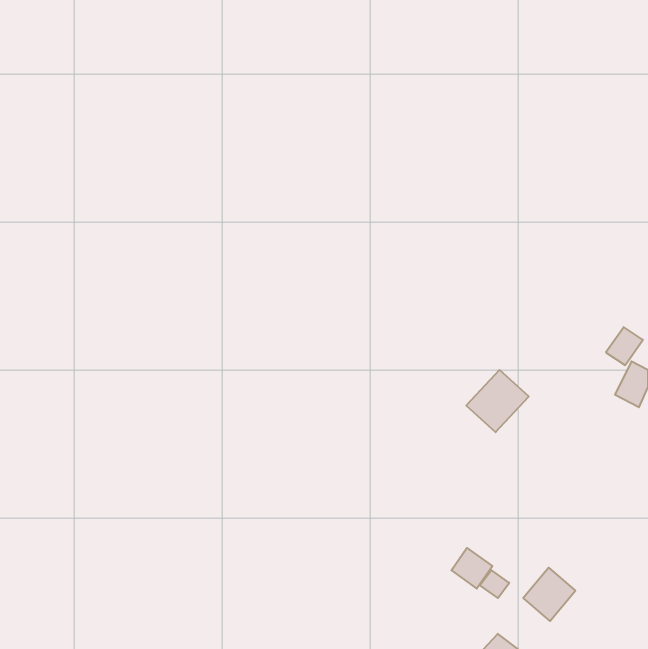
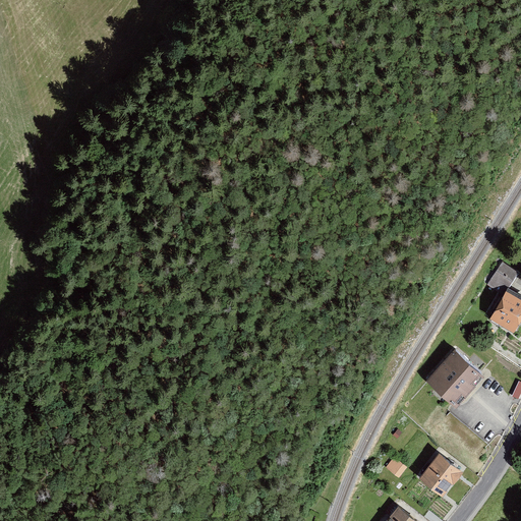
building: [466,370,529,432] -> [428,351,478,401]
building: [451,548,492,589] -> none

